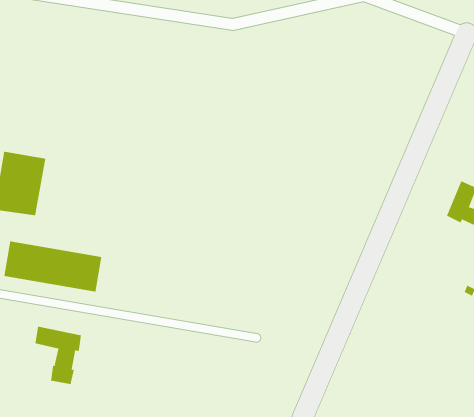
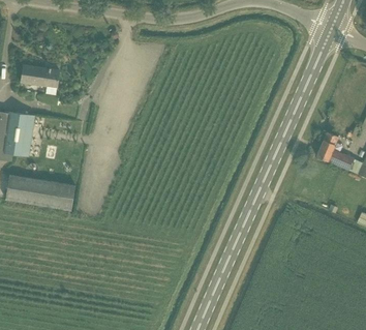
building: none -> [21,65,59,95]
building: [35,326,81,385] -> none

